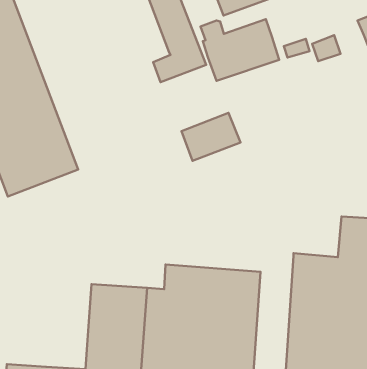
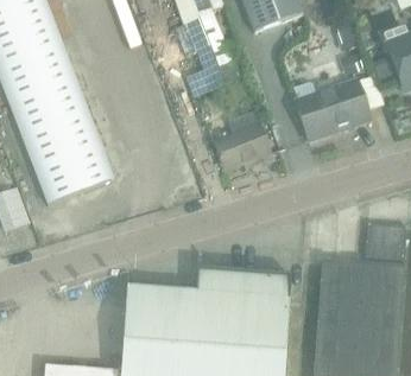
building: [200,19,279,81] -> [295,79,371,139]

